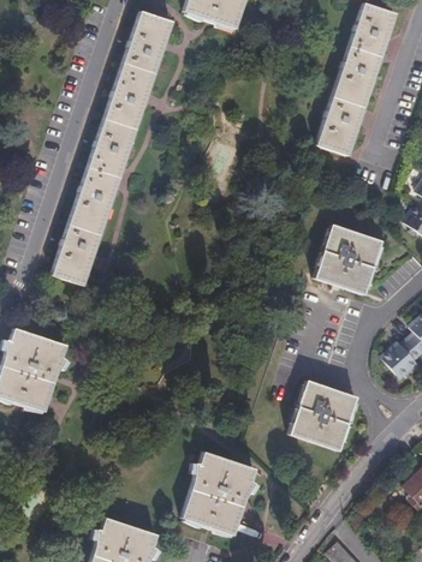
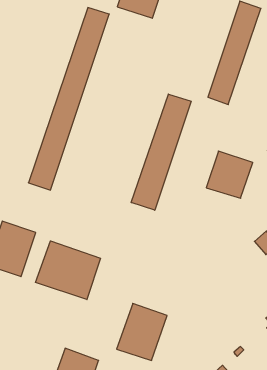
building: none -> [131,94,191,210]
building: none -> [35,241,101,300]
building: [292,383,359,453] -> none

